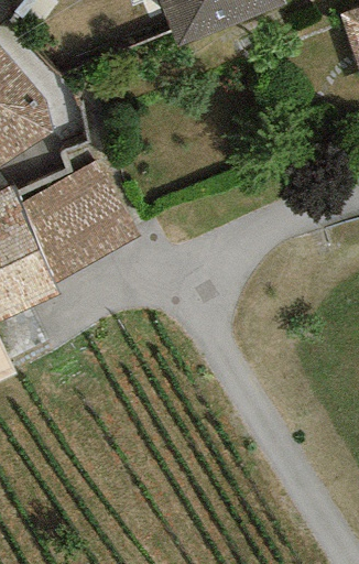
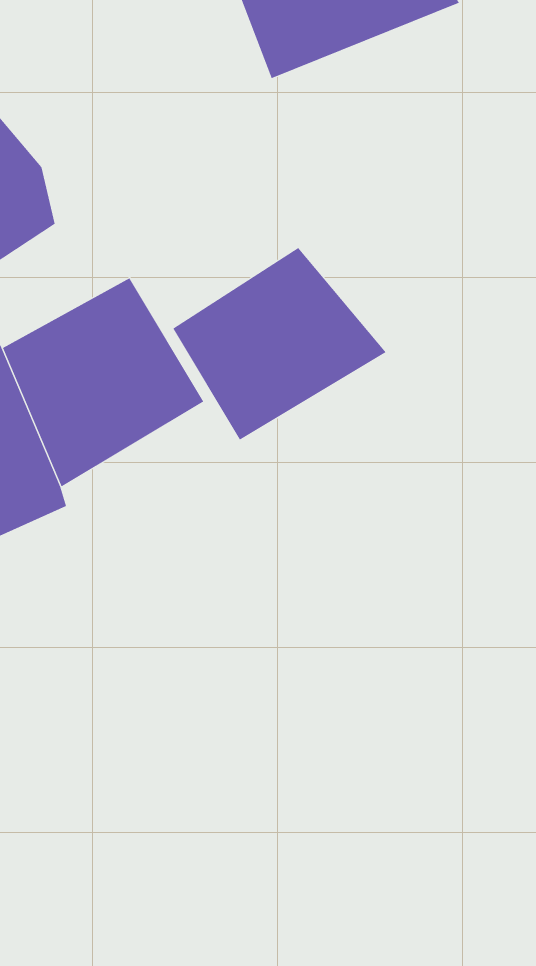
building: none -> [172,247,387,441]

